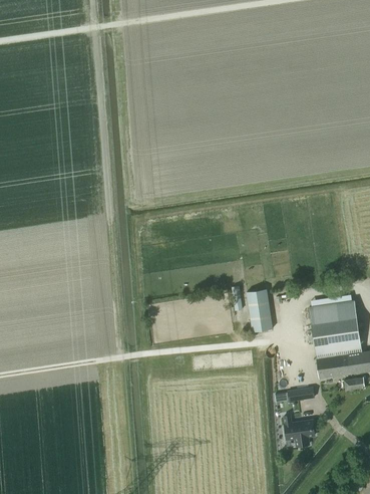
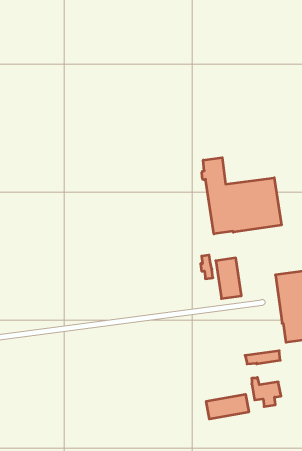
building: none -> [202,158,281,234]
building: none -> [206,394,249,419]

